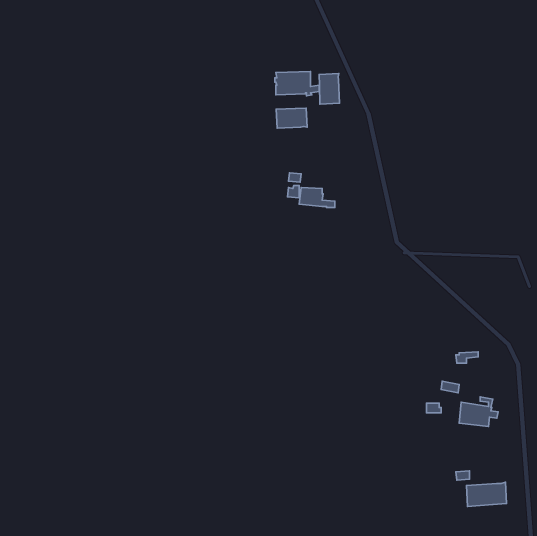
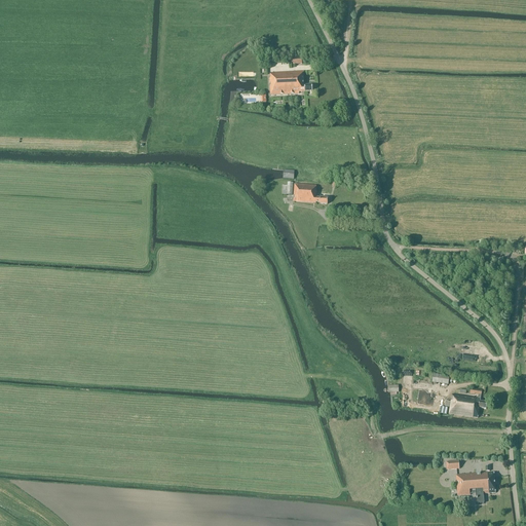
building: [319,74,340,104] -> none
building: [276,108,307,128] -> none

